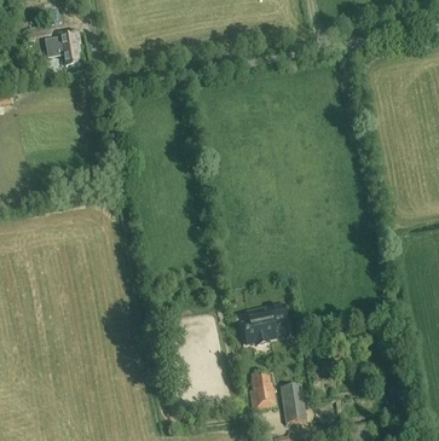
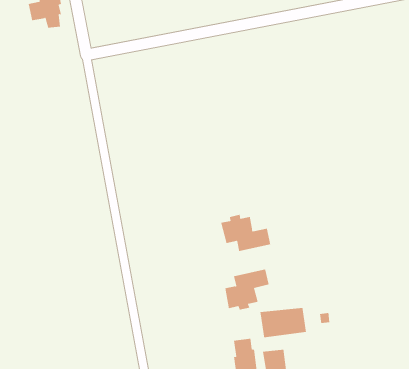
building: none -> [220,214,271,252]
building: none -> [260,307,307,338]

